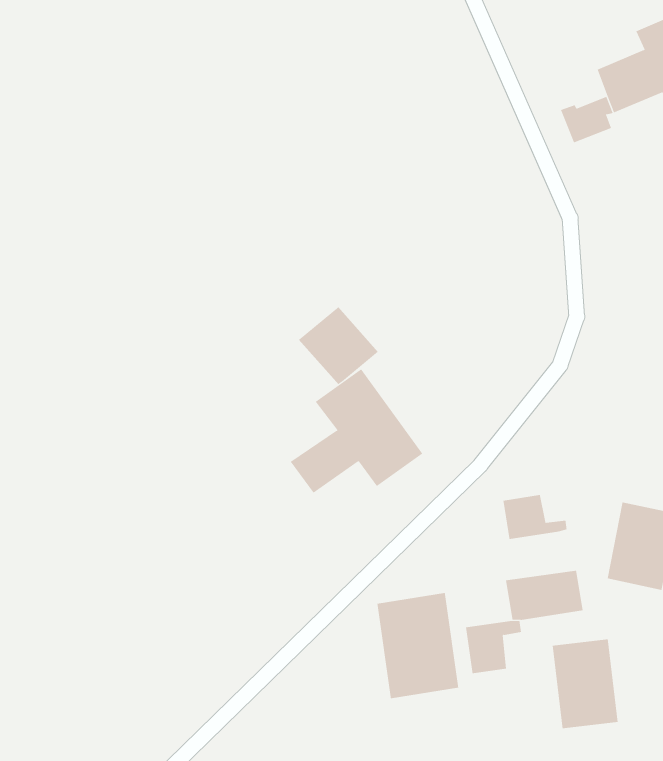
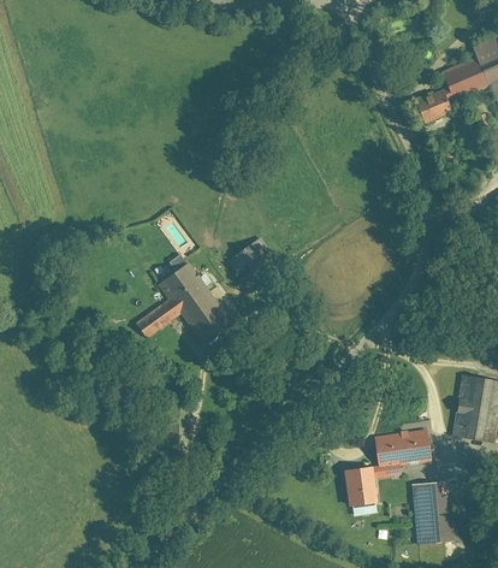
building: [290,368,423,494] -> [136,254,232,344]
building: [503,494,567,540] -> none
building: [377,592,459,699] -> none

